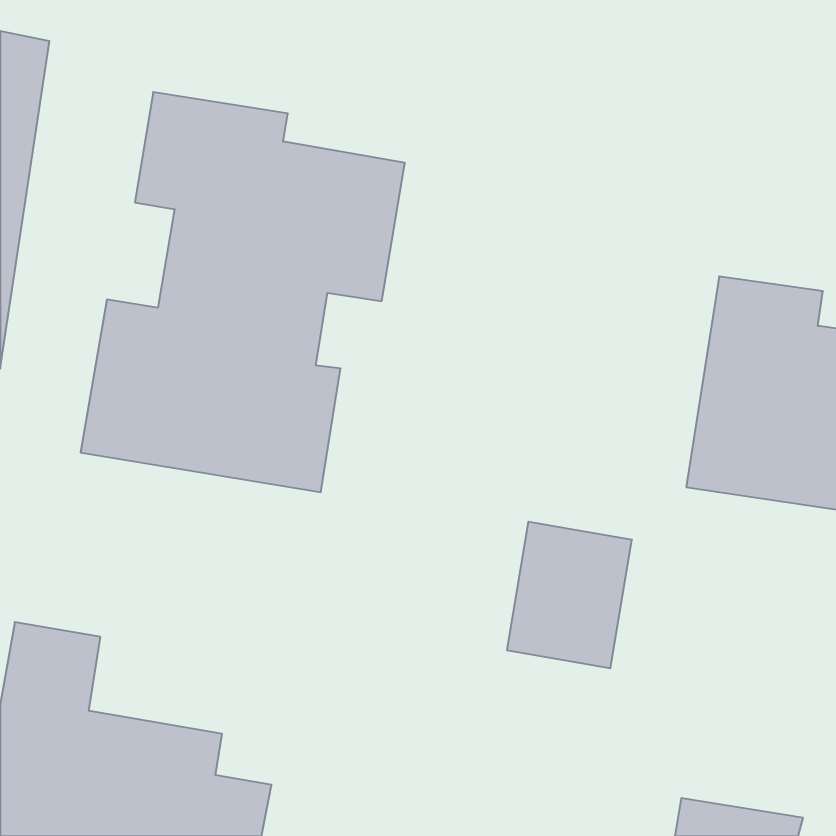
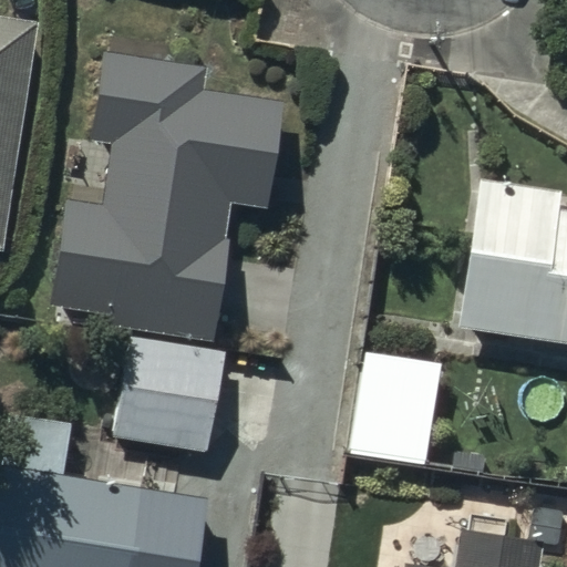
building: none -> [112,333,215,442]

